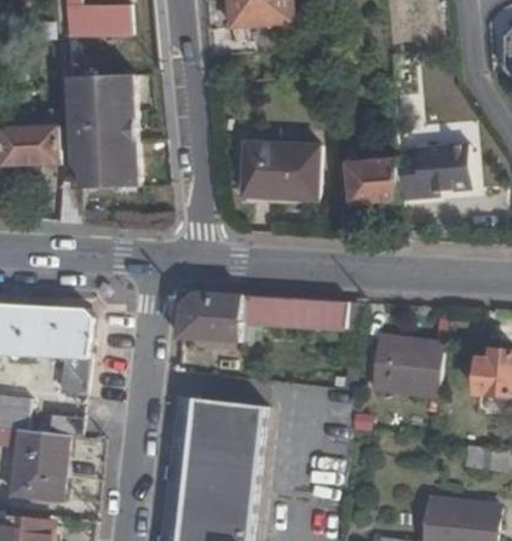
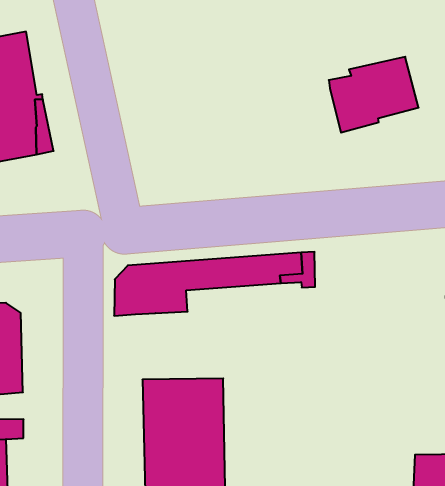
building: [245,144,315,201] -> none
building: [347,157,399,202] -> none
building: [373,338,441,395] -> none

